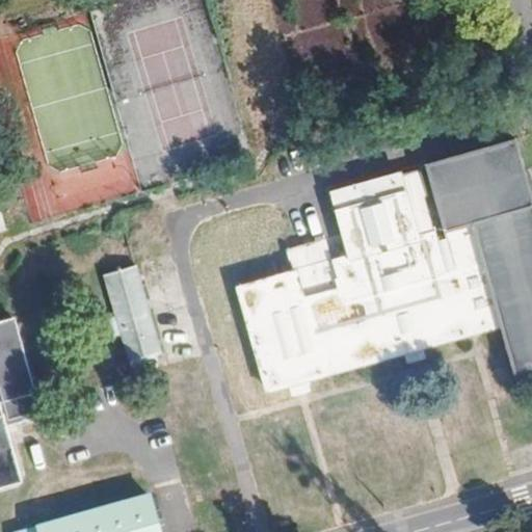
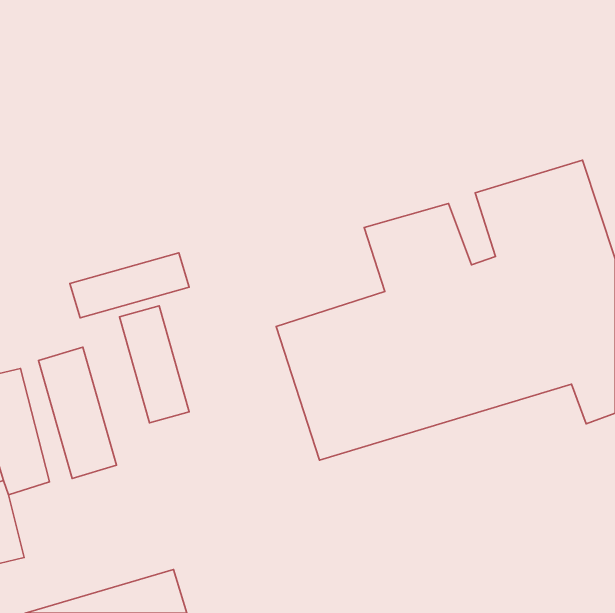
building: none -> [70,253,189,318]
building: none -> [39,347,116,478]

